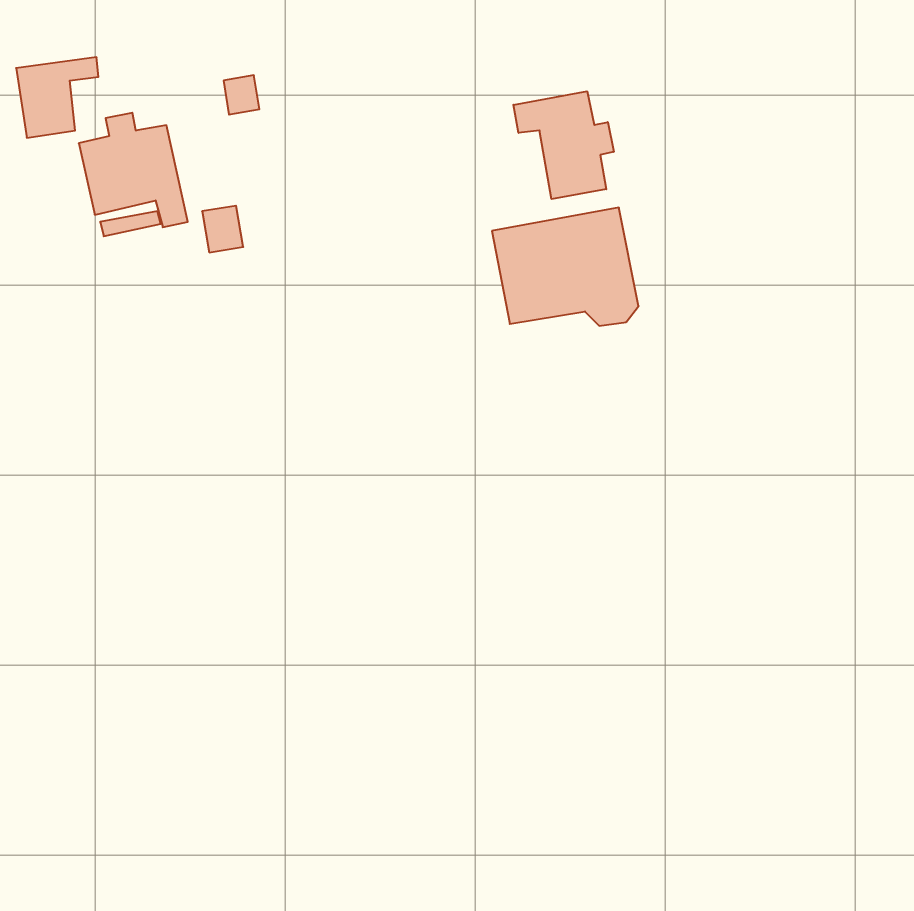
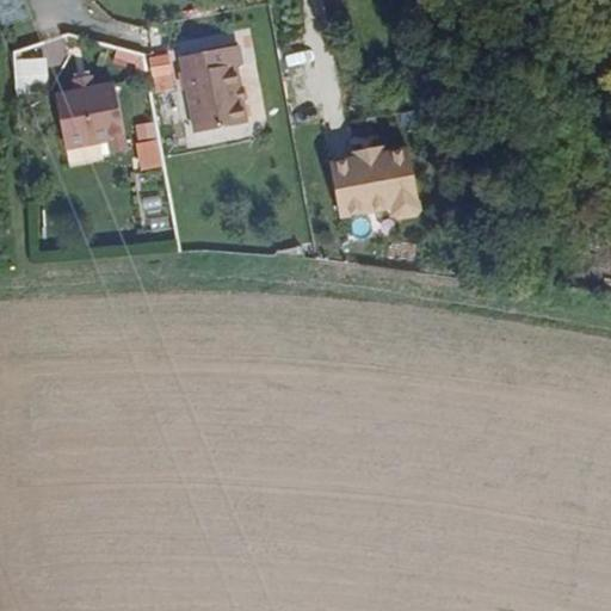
building: none -> [177,43,243,132]
building: [513,91,614,199] -> none

